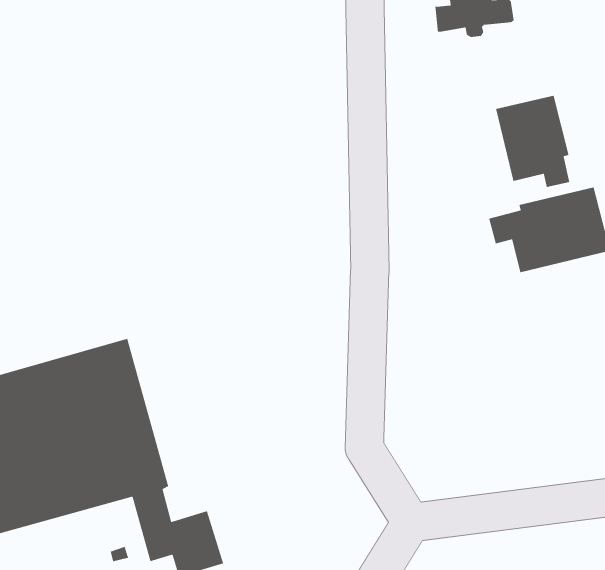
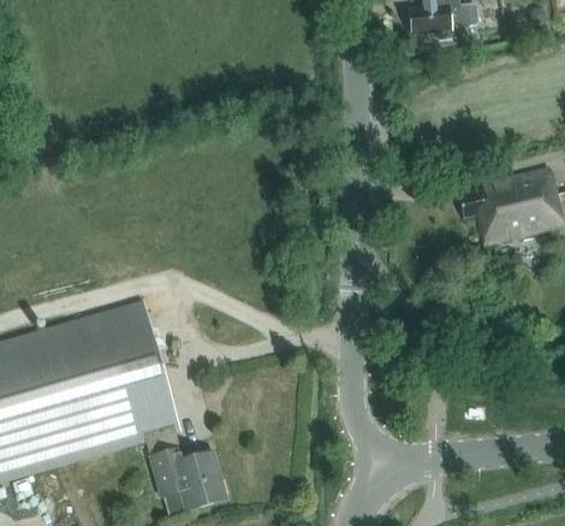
building: [495,95,570,188] -> none

